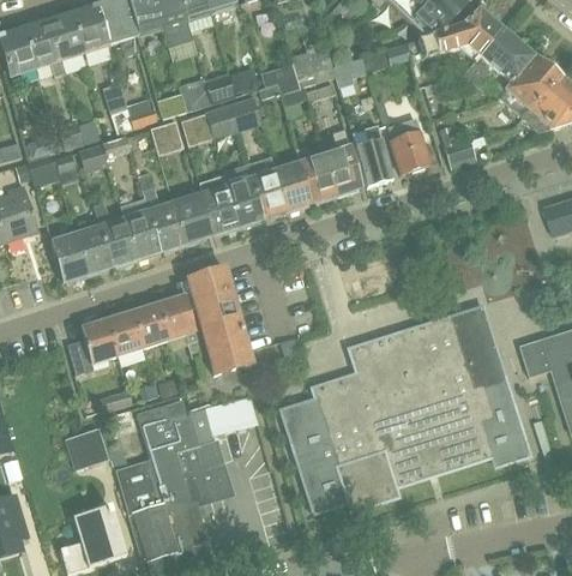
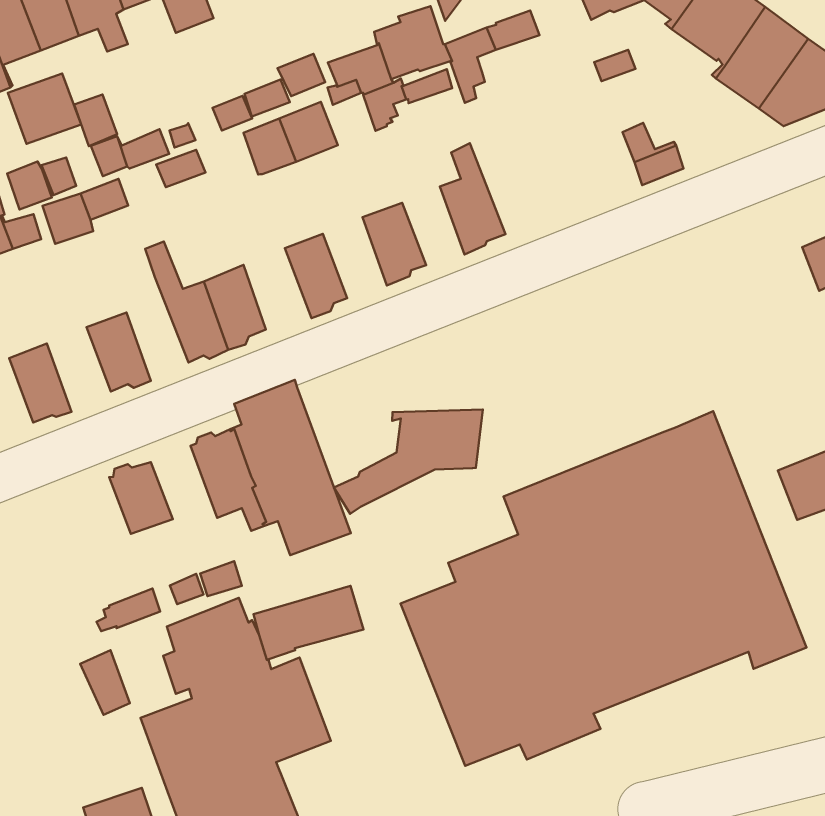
building: none -> [8,73,81,144]
building: [180,112,212,145] -> none
building: [389,120,430,173] -> none
building: [355,124,393,186] -> none
building: [296,145,336,202] -> none
building: [247,156,287,218] -> none
building: [199,185,239,234] -> none
building: [120,197,161,260] -> none
building: [74,224,112,276] -> none
building: none -> [334,410,483,514]
building: [133,302,171,348] -> none
building: [67,318,118,373] -> none

